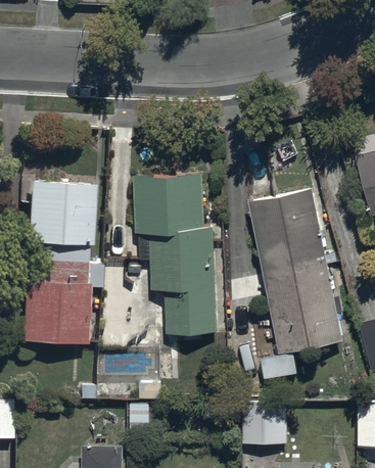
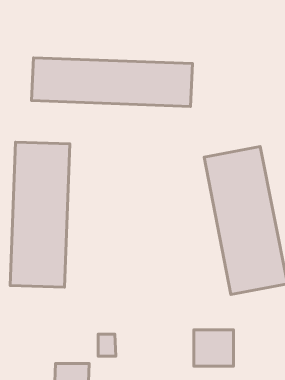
building: none -> [32,58,192,106]
building: [131,171,217,337] -> none

